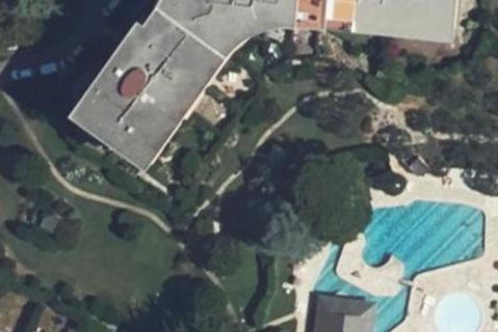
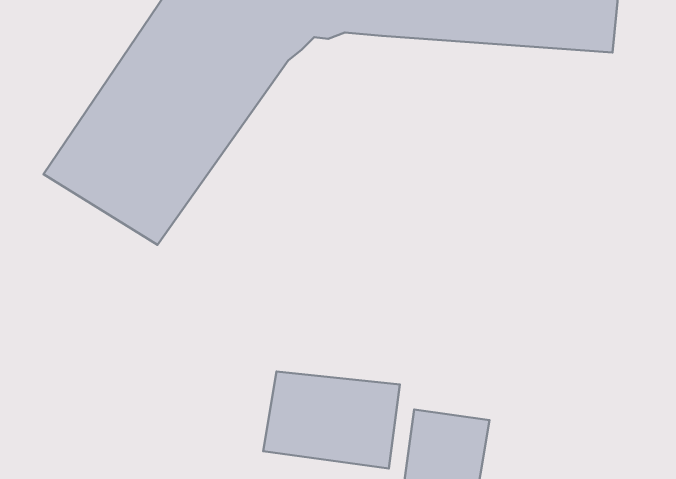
building: none -> [263,372,400,468]

